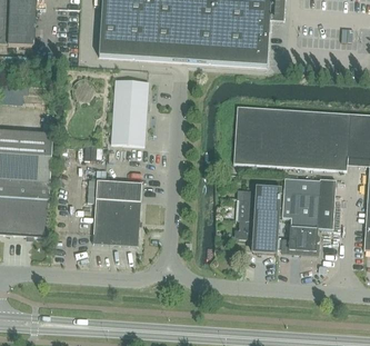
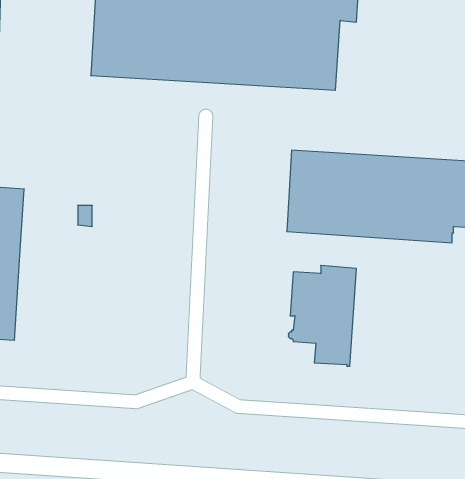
building: [111,80,150,146] -> none
building: [282,179,336,255] -> none
building: [93,180,141,246] -> none

